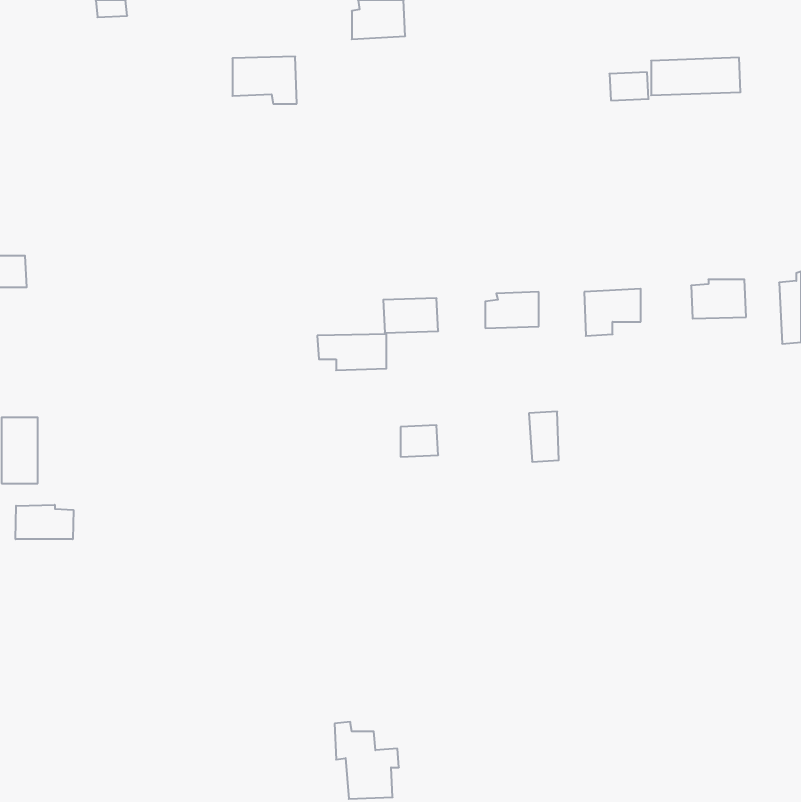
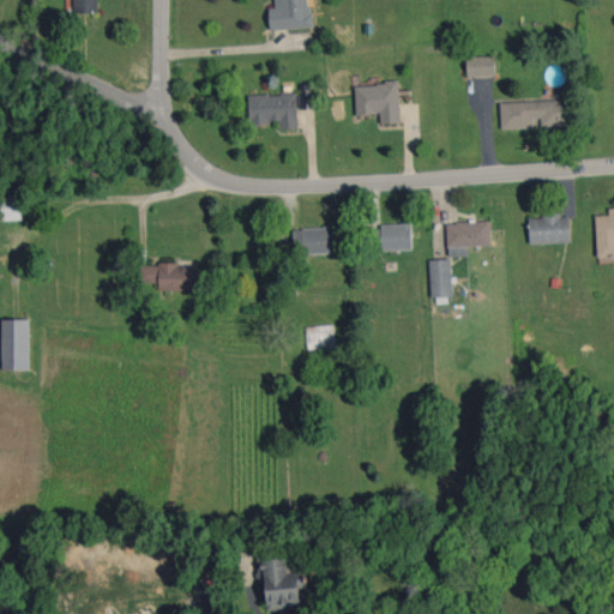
building: [232,57,297,104] -> [248,94,297,130]
building: [651,58,741,95] -> [500,100,568,128]
building: none -> [354,83,399,124]
building: [317,334,386,370] -> [144,264,197,291]
building: [529,412,559,462] -> [428,259,451,297]
building: [16,505,73,539] -> none

